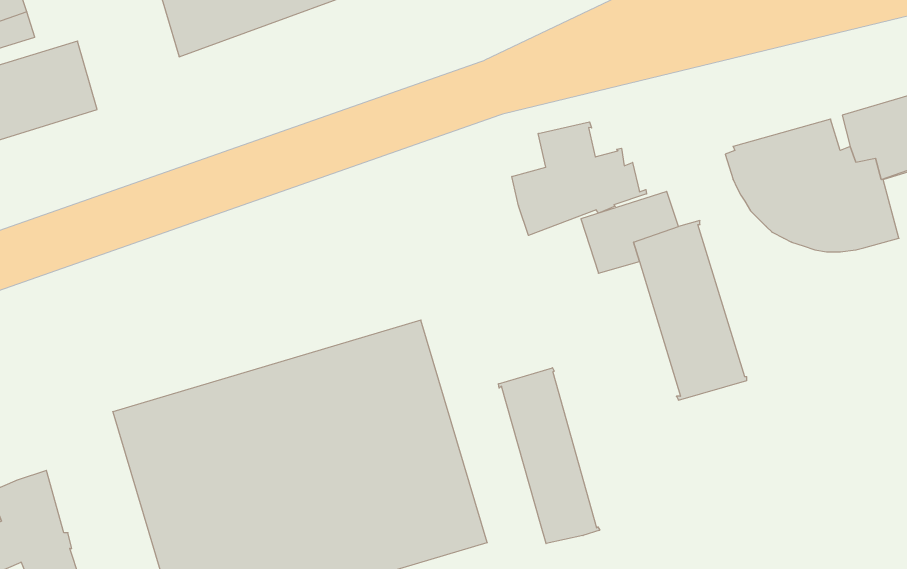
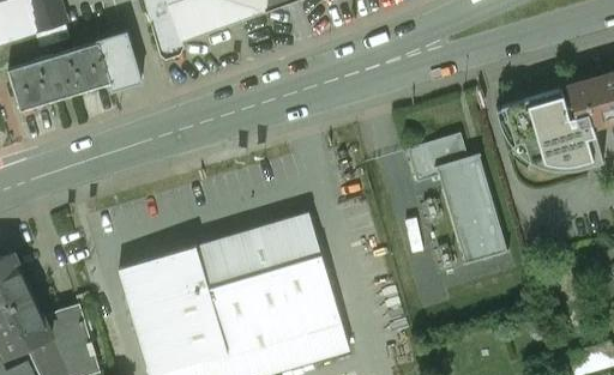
building: none -> [97,32,142,91]
building: [512,122,647,235] -> none
building: [498,368,600,544] -> none

